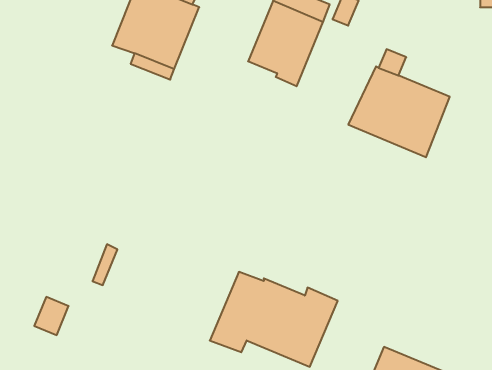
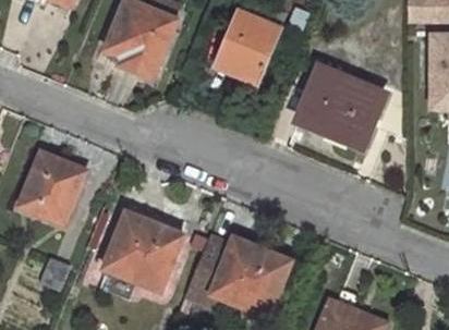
building: none -> [19,150,84,223]
building: none -> [102,217,183,290]

